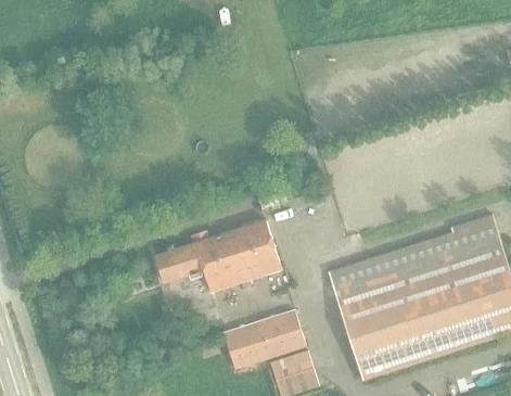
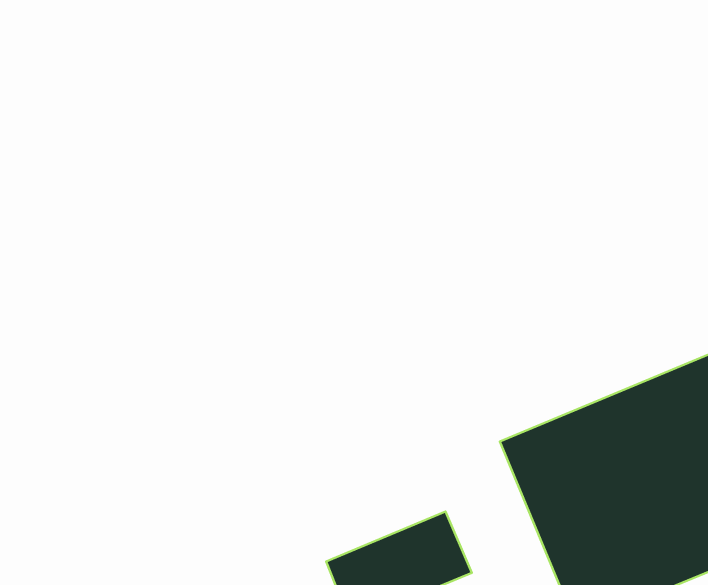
building: [154,219,280,291] -> none

